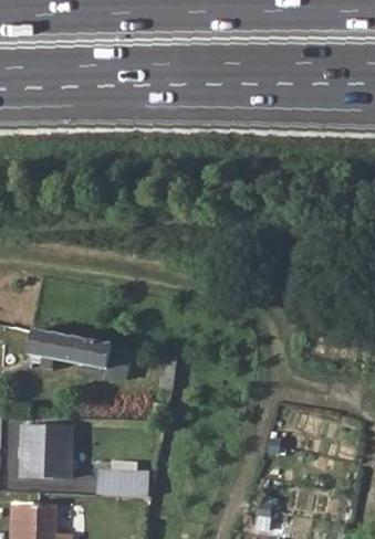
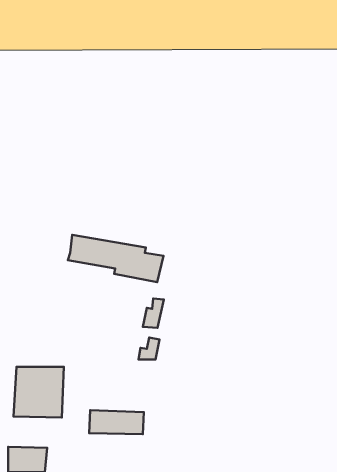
building: [27,328,127,378] -> [68,235,164,282]

